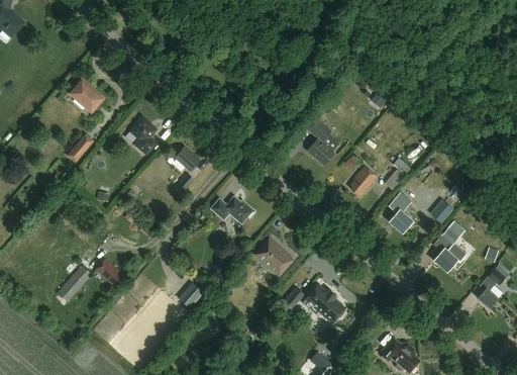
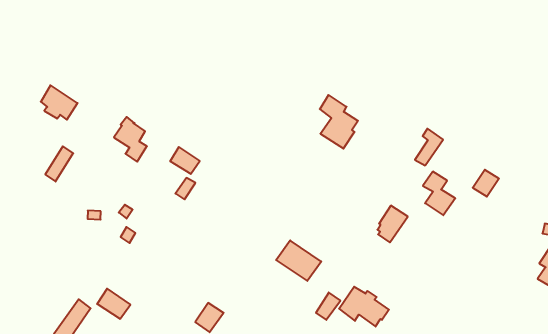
building: [349,165,377,196] -> [377,206,408,242]
building: [211,195,254,222] -> none
building: [432,227,458,271] -> none

